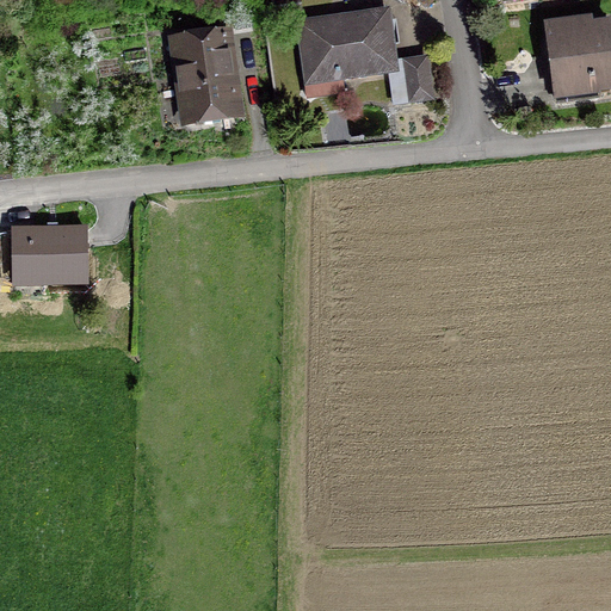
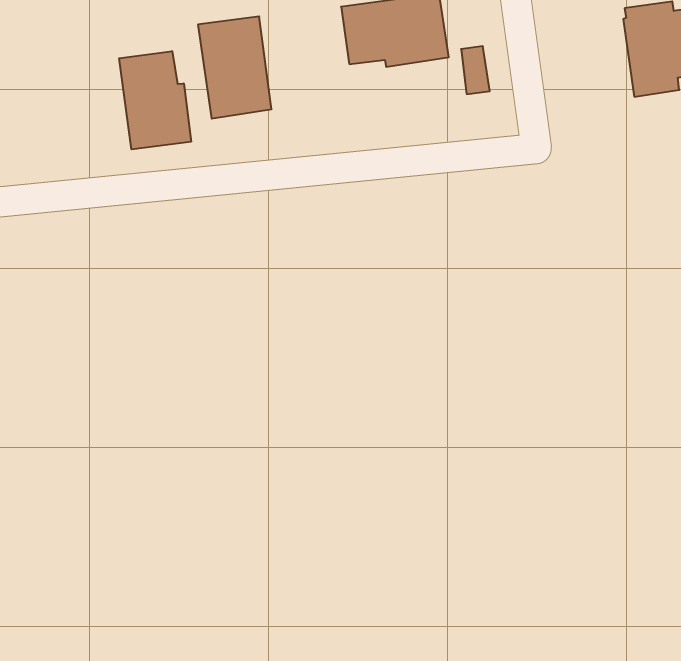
building: none -> [119,51,191,149]
building: [12,224,87,282] -> none

